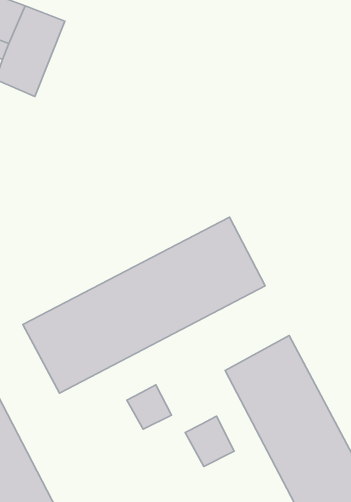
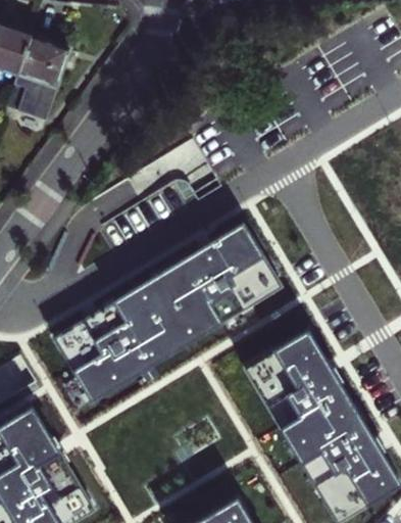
building: [127,385,171,429] -> none
building: [185,416,234,466] -> none

